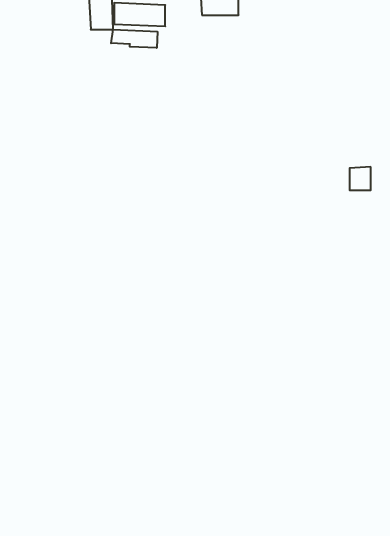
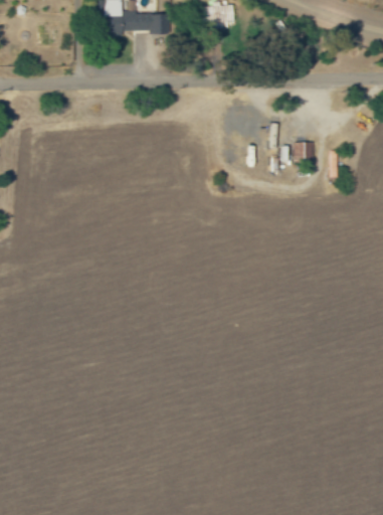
building: [111,30,157,48] -> none
building: [350,167,371,190] -> [295,142,314,163]

